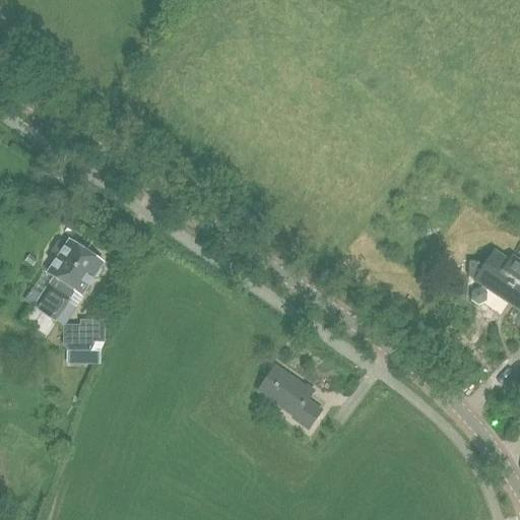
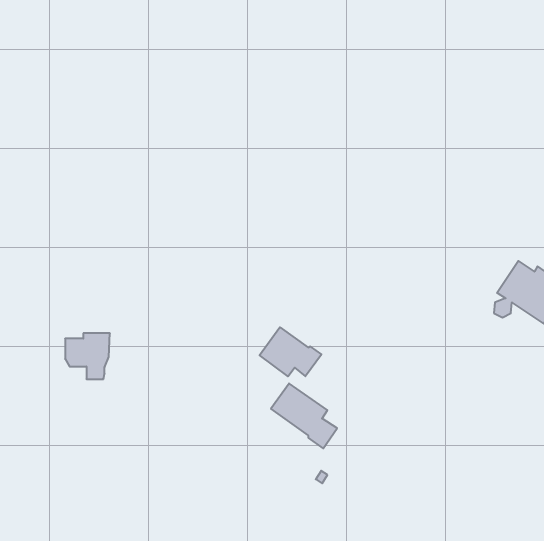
building: [34,240,105,320] -> none
building: none -> [260,327,321,376]

